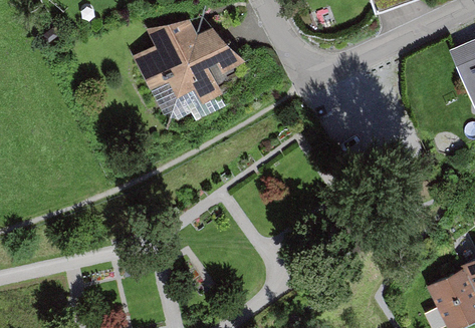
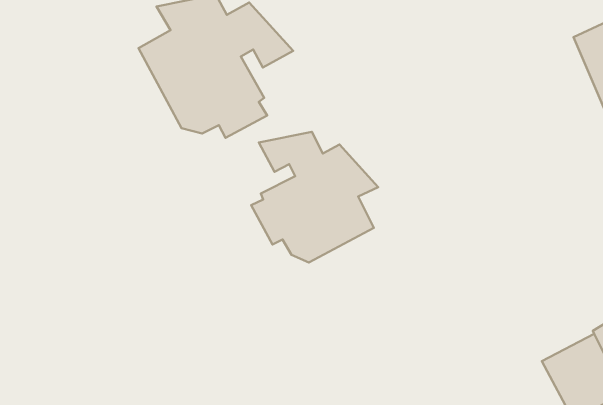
building: none -> [251,132,378,263]

